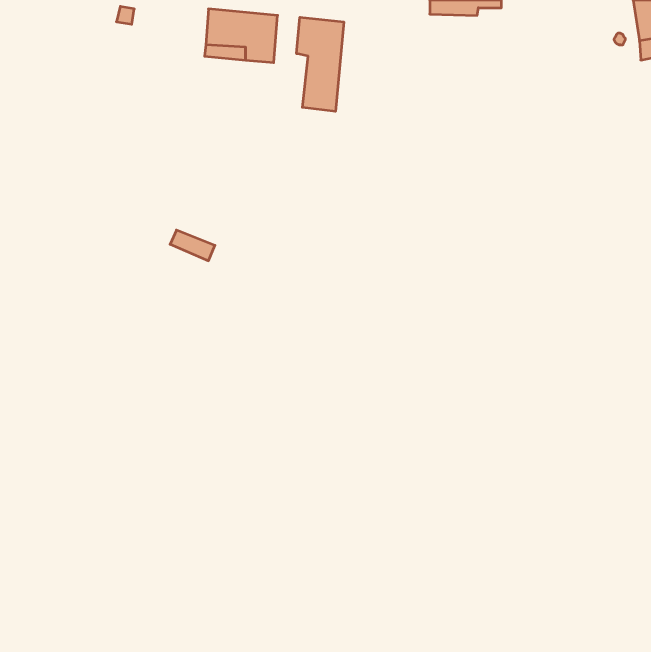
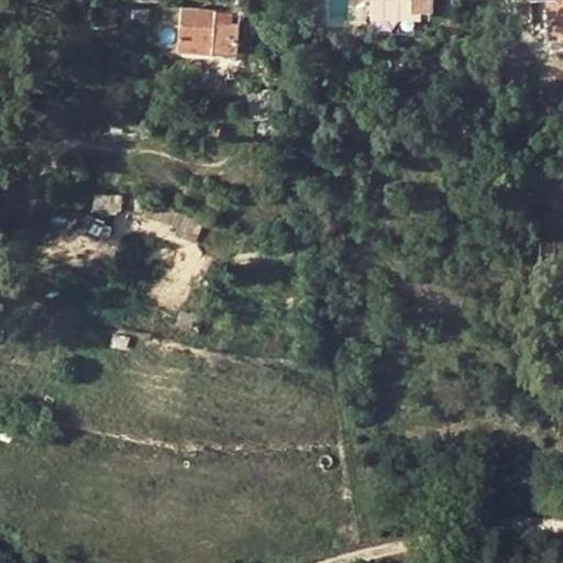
building: [297,17,344,111] -> none

